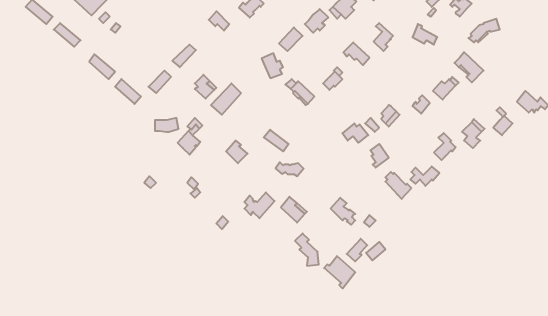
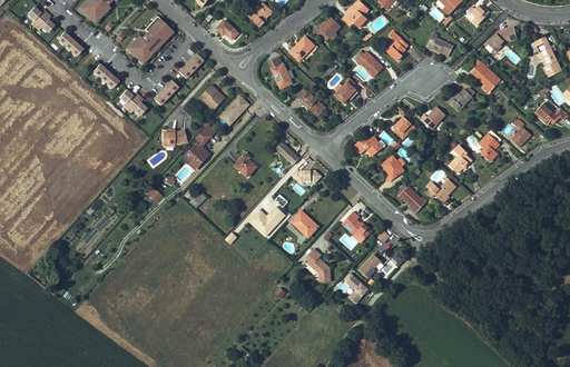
building: none -> [124,14,176,66]
building: none -> [533,36,562,77]

